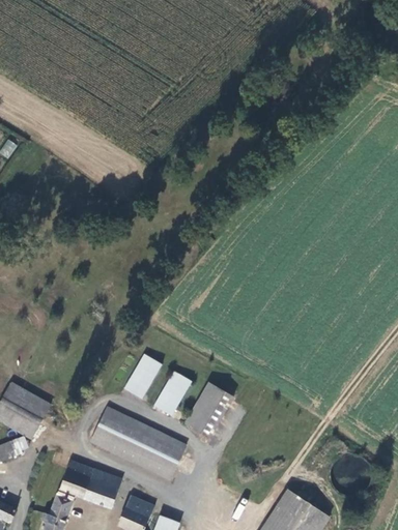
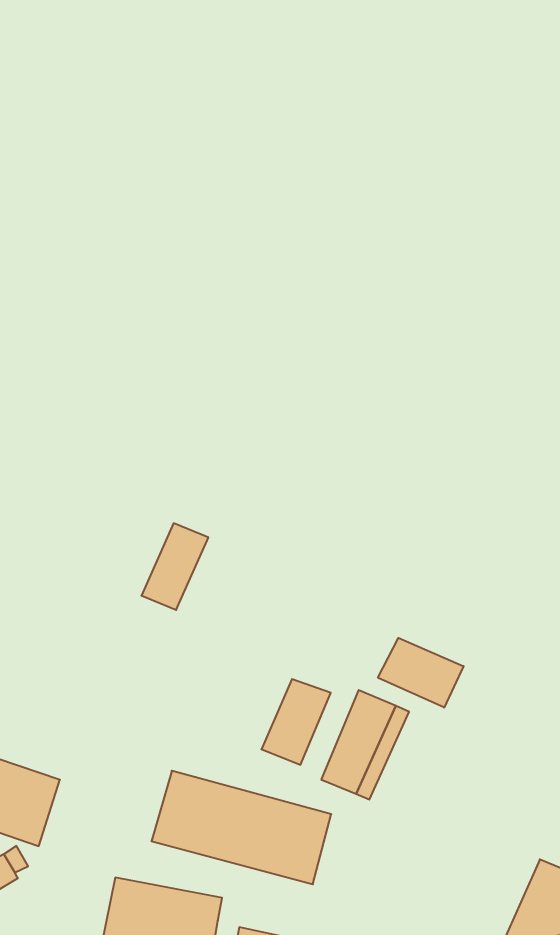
building: [123,354,163,399] -> [141,523,208,610]
building: none -> [378,638,464,708]

